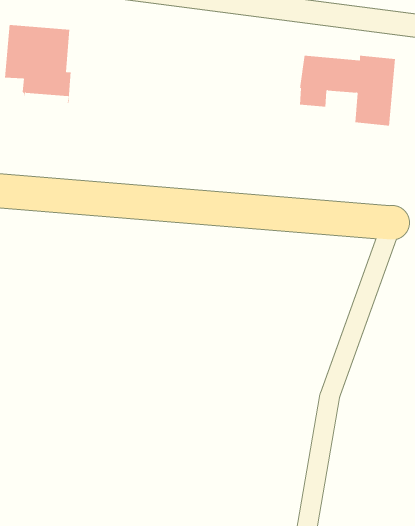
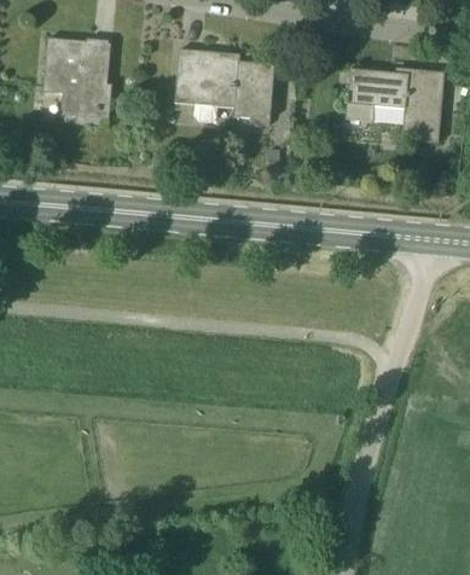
building: none -> [175,50,274,123]

